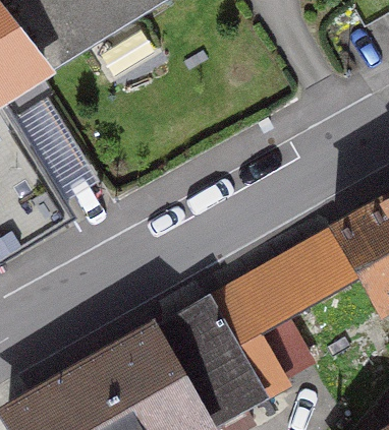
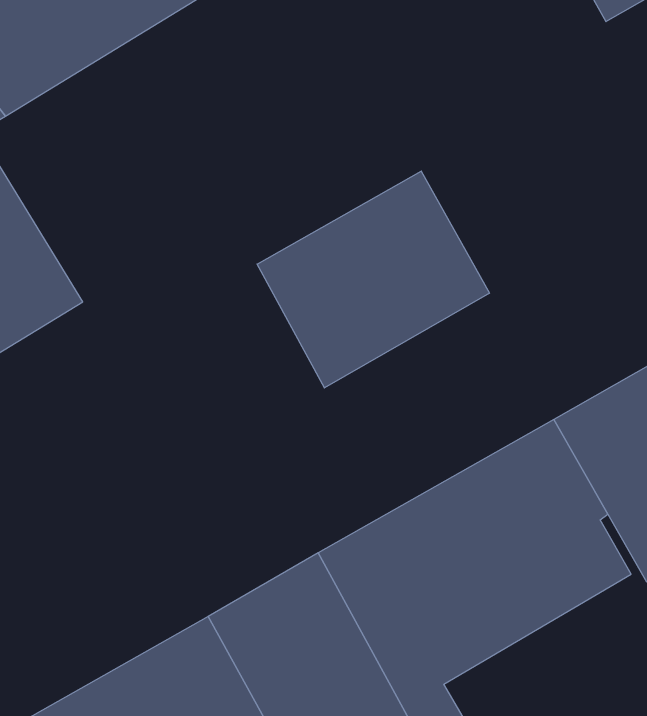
building: none -> [257,171,489,388]

